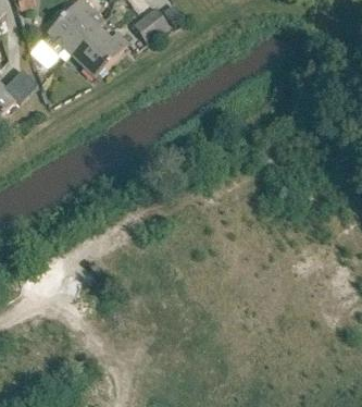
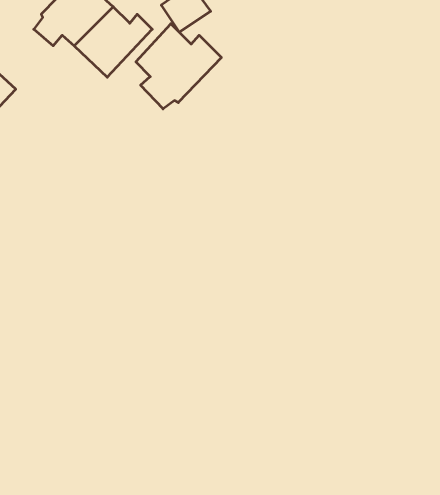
building: none -> [136,24,221,109]

